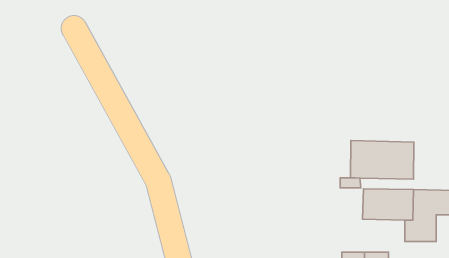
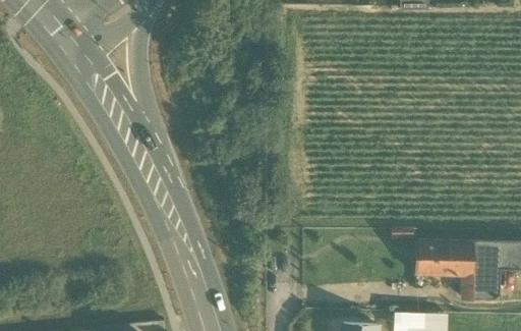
building: [351,140,414,179] -> none

